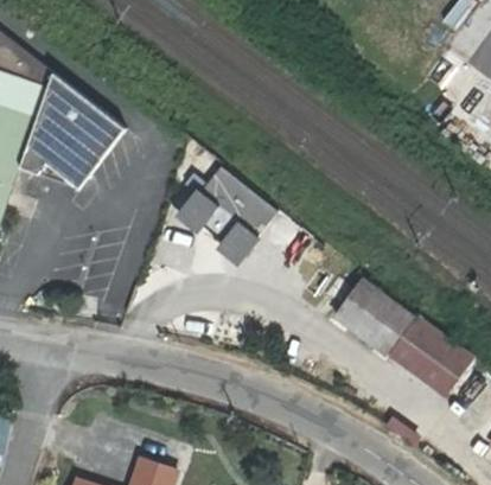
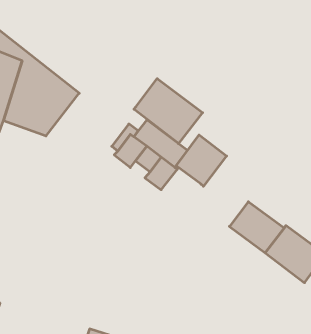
building: none -> [134,79,203,144]
building: none -> [176,135,227,186]

